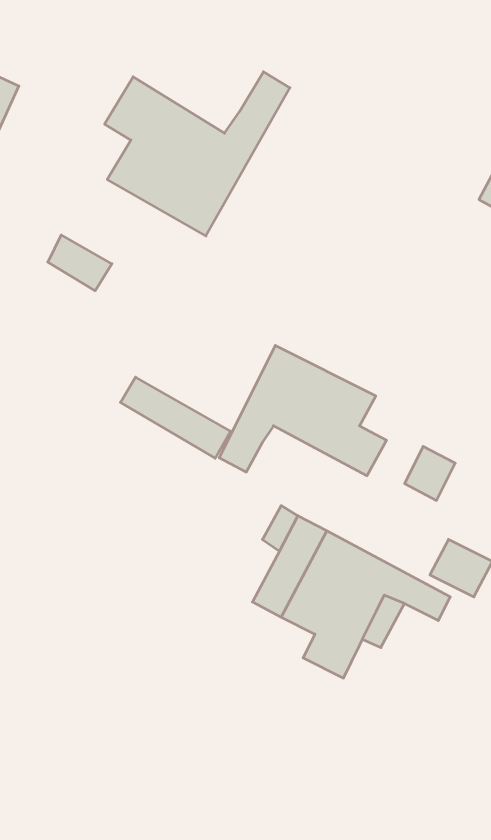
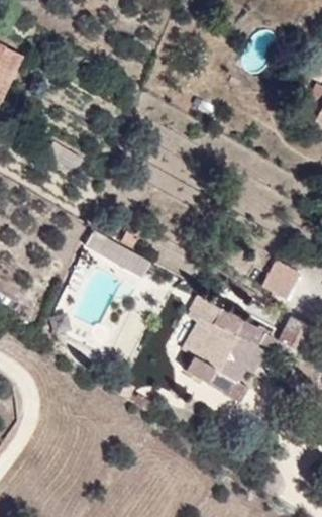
building: [105,72,290,236] -> none
building: [219,345,386,476] -> none

